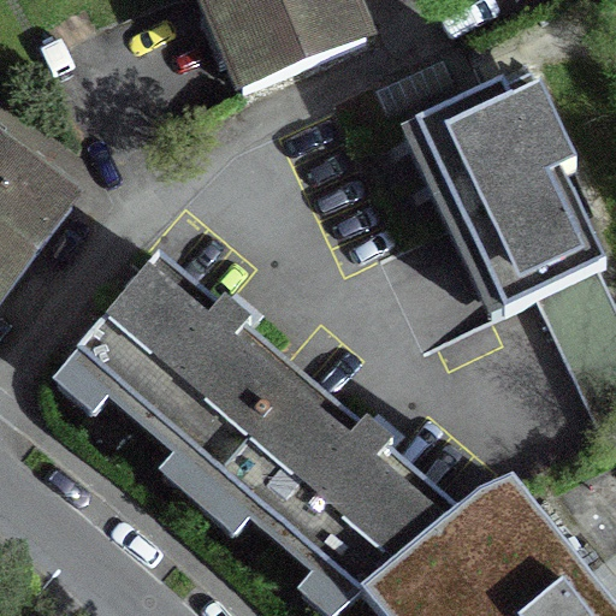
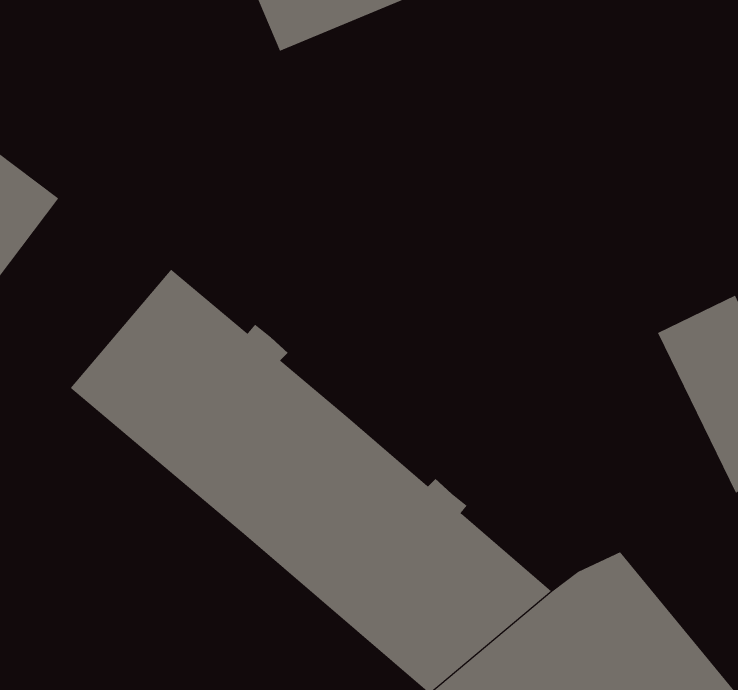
building: [415,83,588,308] -> none

